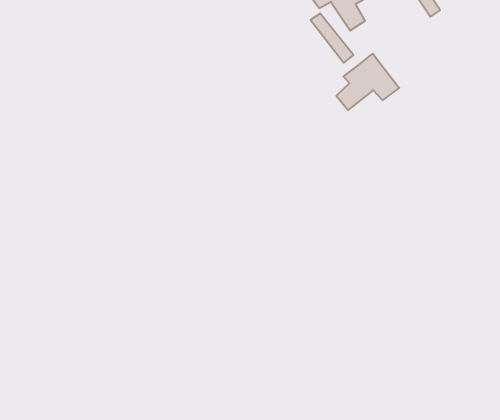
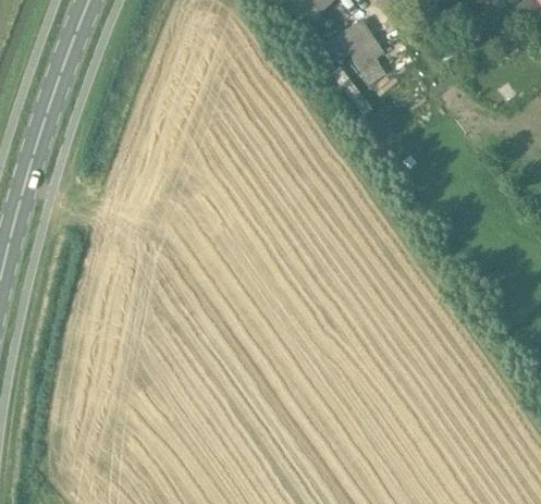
building: [336,54,399,110] -> none

